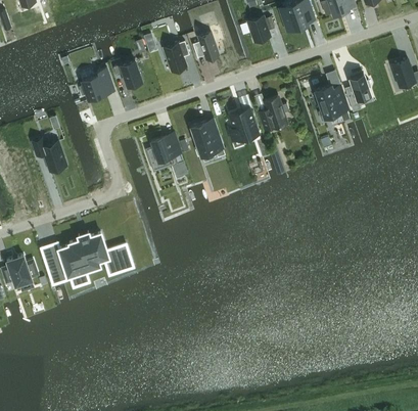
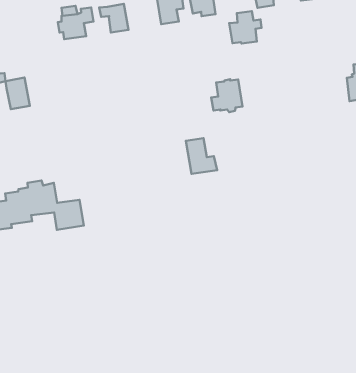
building: [316,85,347,121] -> none
building: [260,97,289,129] -> [229,11,261,44]
building: [191,122,224,155] -> [186,138,217,174]
building: [145,132,181,172] -> none

